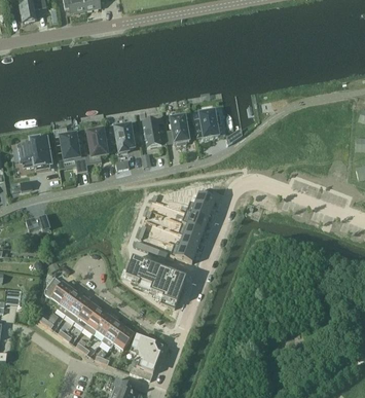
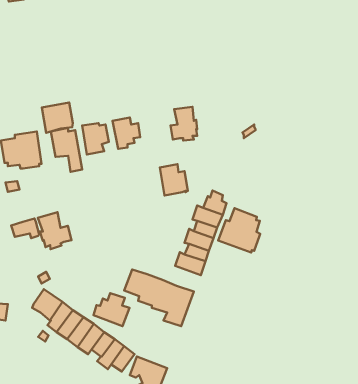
building: [193,108,220,136] -> none
building: none -> [42,103,73,133]
building: [142,118,167,146] -> [160,164,188,195]
building: none -> [218,208,260,252]
building: none -> [38,212,71,249]
building: none -> [94,293,129,326]

